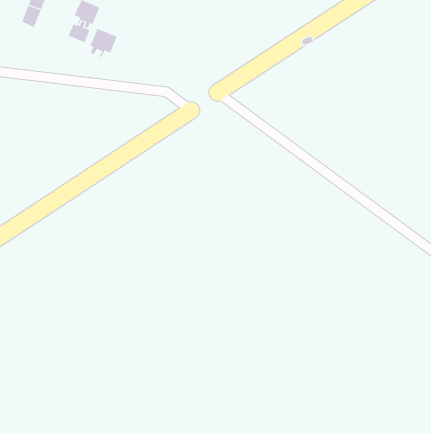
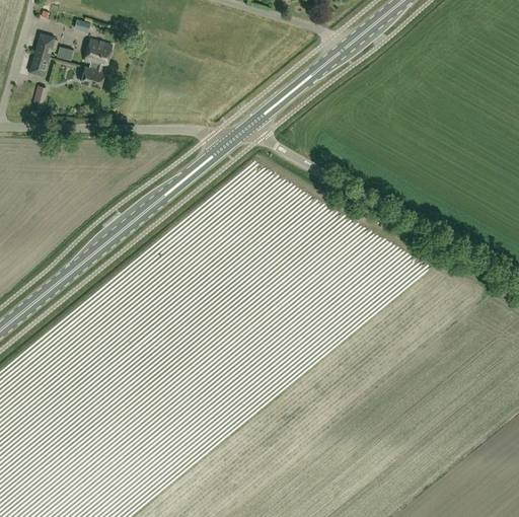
building: [90,28,117,58] -> none

